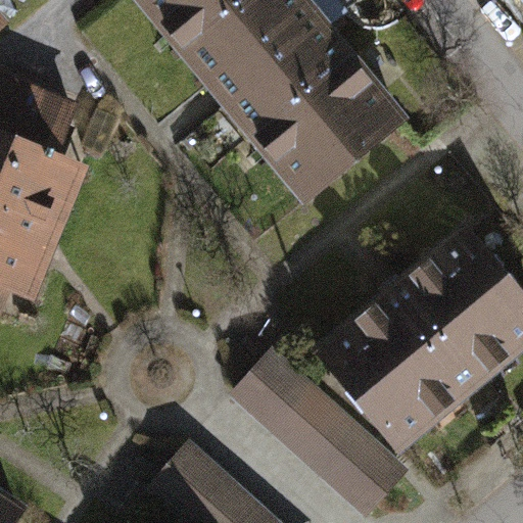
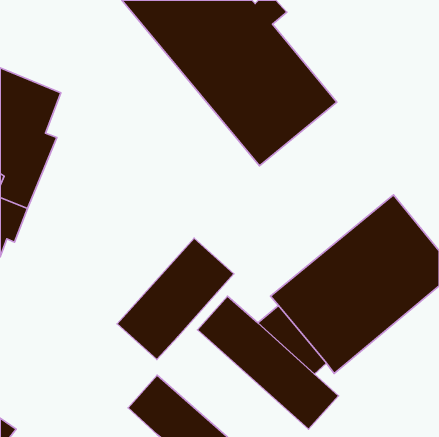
building: none -> [117,238,234,360]

